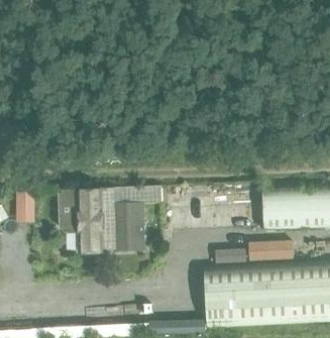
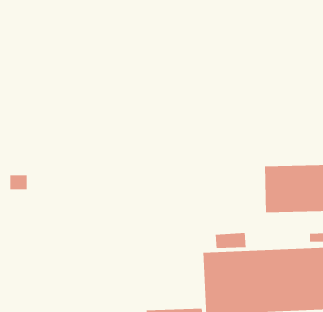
building: [58,187,160,259] -> none
building: [248,241,292,260] -> none

